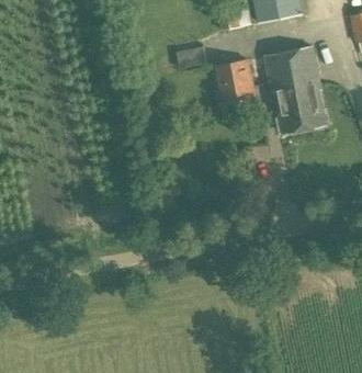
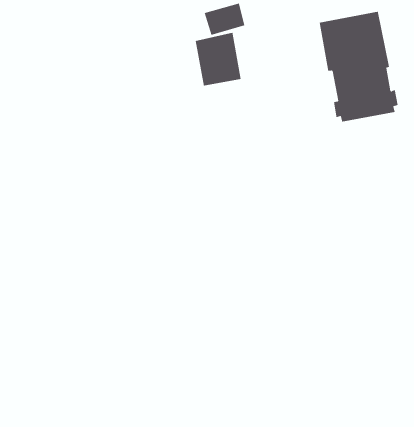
building: [217,61,253,103] -> [195,32,242,86]

